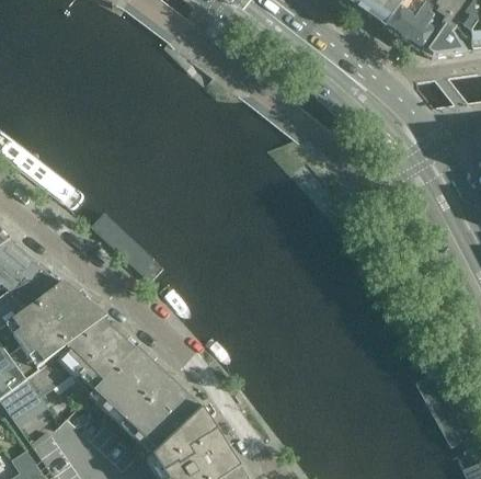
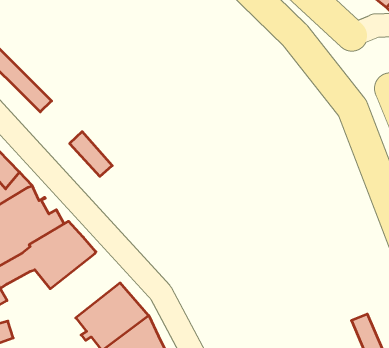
building: [93,345,168,419] -> none

